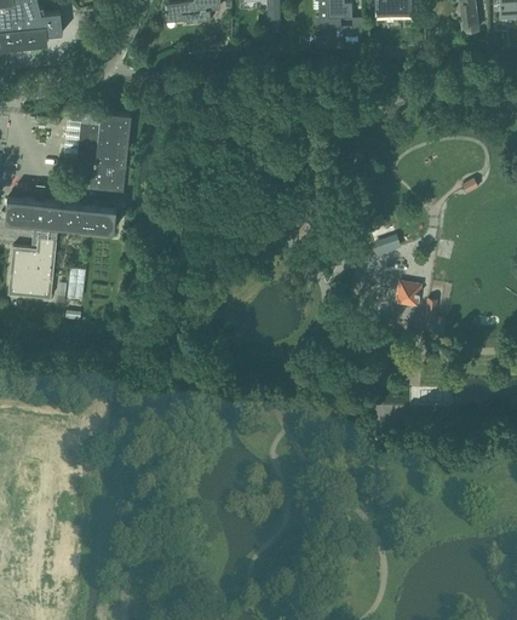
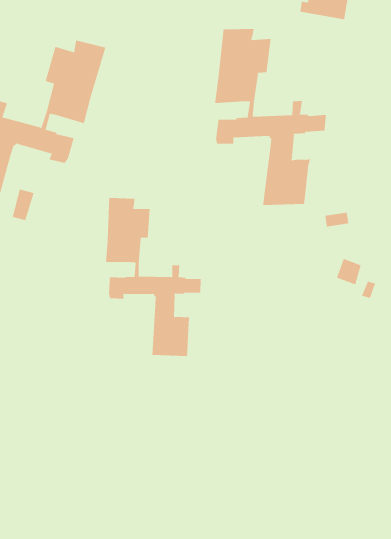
building: none -> [214,28,327,206]
building: none -> [105,197,201,357]

